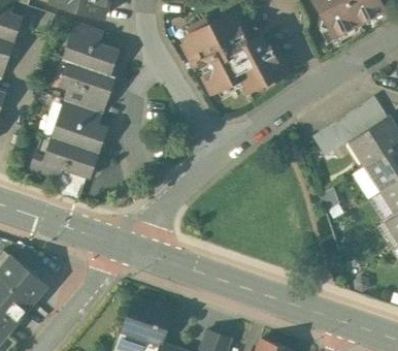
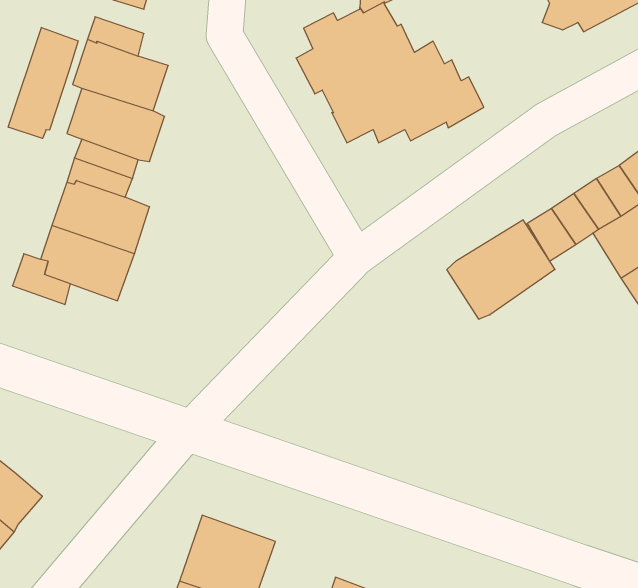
building: none -> [8,27,78,138]
building: none -> [447,220,555,319]

